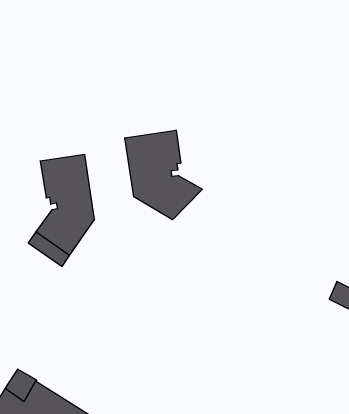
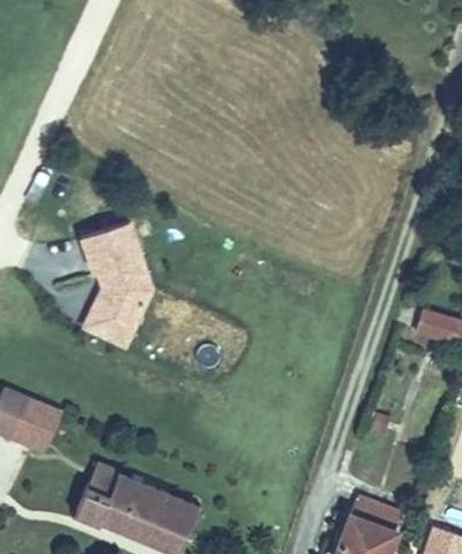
building: [125,130,202,220] -> none

